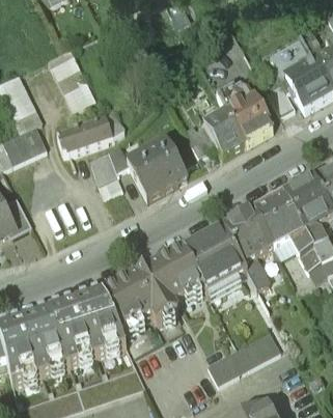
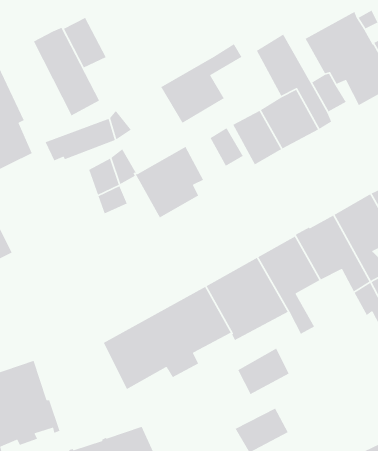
building: none -> [63,17,107,68]
building: none -> [160,43,242,124]
building: [49,291,127,365] -> none
building: [239,329,280,366] -> [237,348,290,395]

